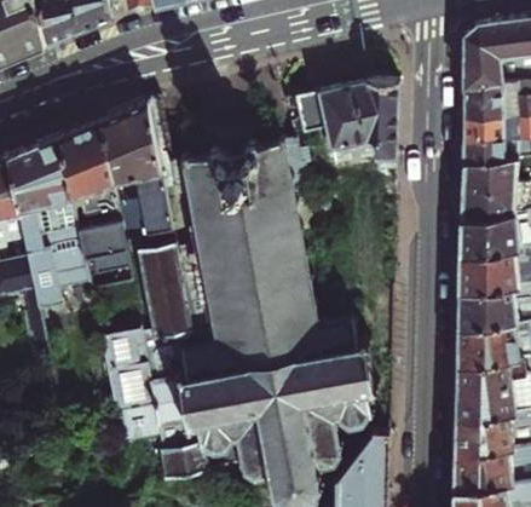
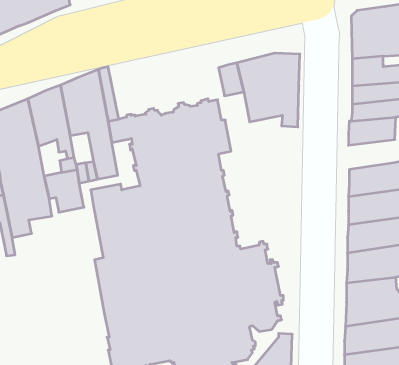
building: [460,189,518,226] -> none
building: [102,332,161,442] -> none

